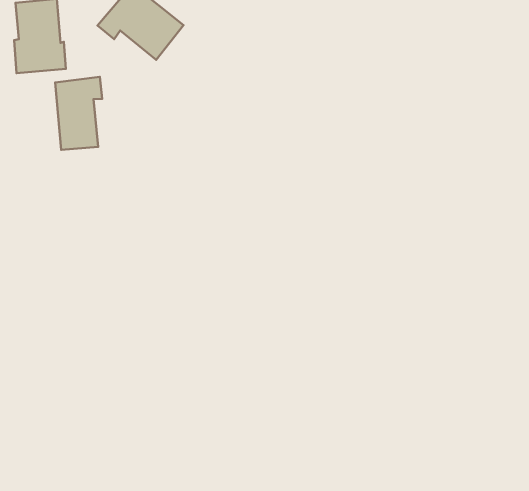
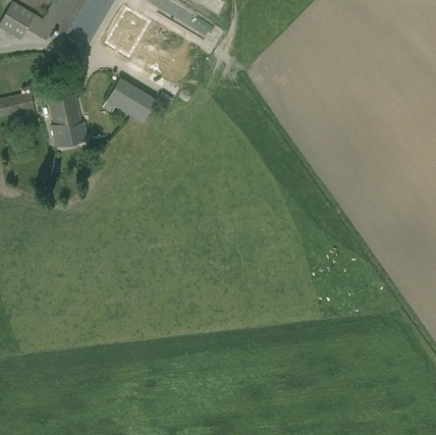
building: [55,77,102,150] -> none

